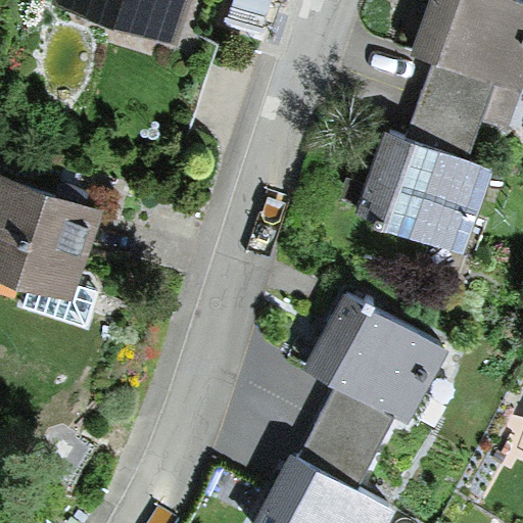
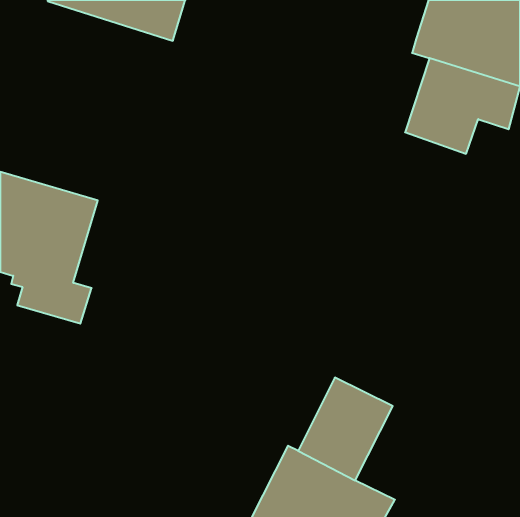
building: [353,128,494,258] -> none
building: [306,293,449,420] -> none

